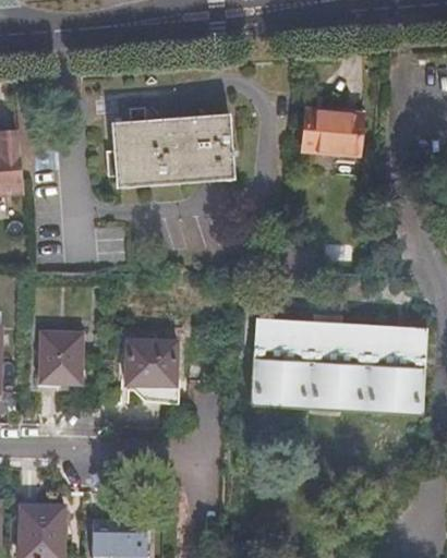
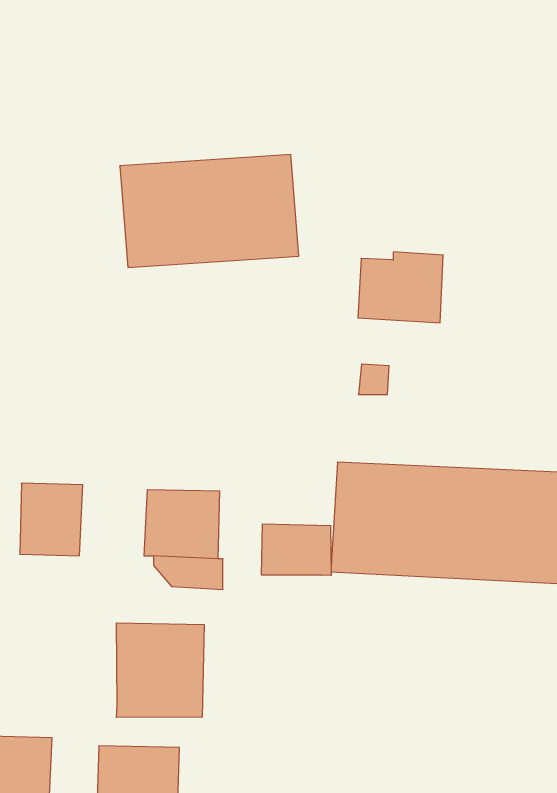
building: [303,105,361,153] -> [358,252,443,323]
building: none -> [261,524,331,576]
building: none -> [117,623,204,717]

